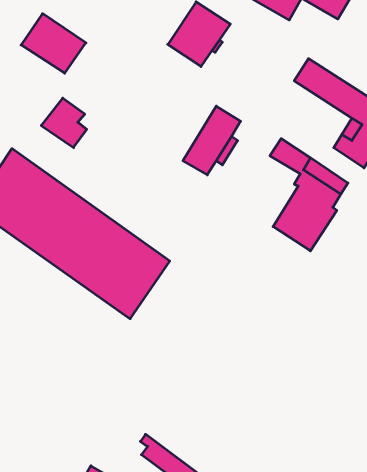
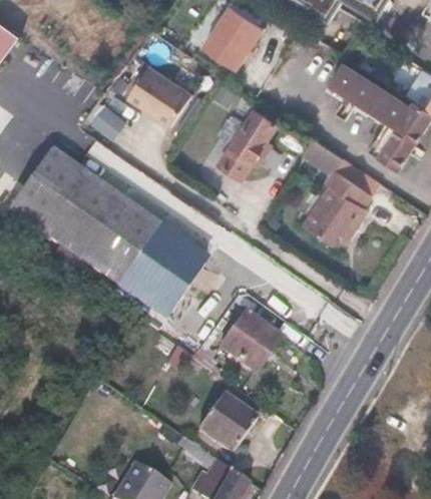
building: [21,14,86,73] -> [128,64,192,123]
building: none -> [221,312,281,371]
building: none -> [196,391,256,449]

